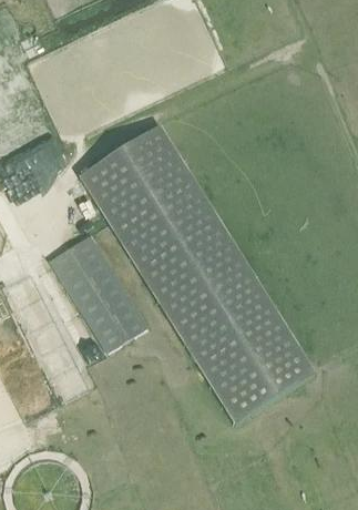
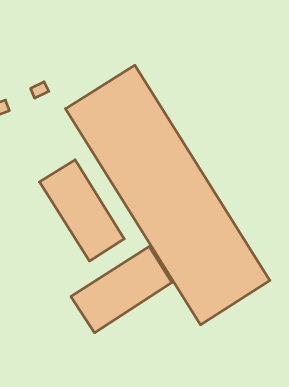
building: none -> [71,247,172,333]

